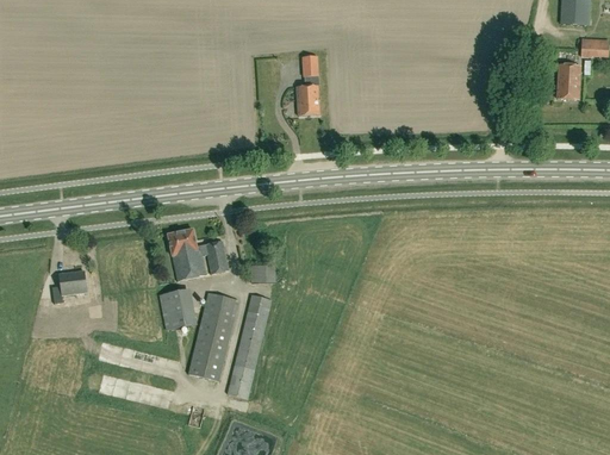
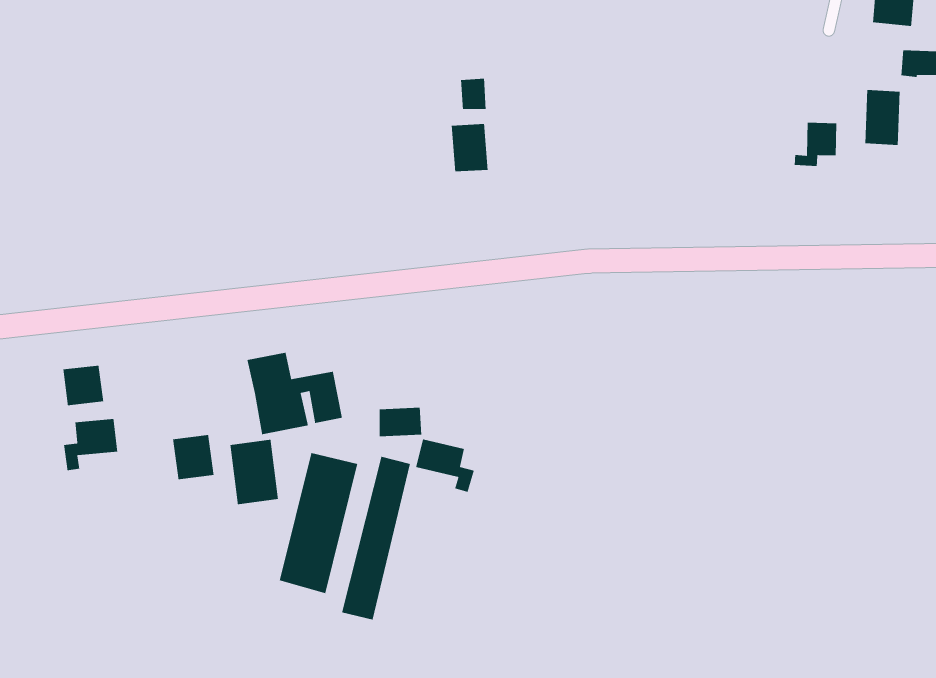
building: none -> [794,122,837,167]
building: none -> [62,365,104,406]
building: none -> [172,434,215,480]
building: none -> [415,439,475,493]

